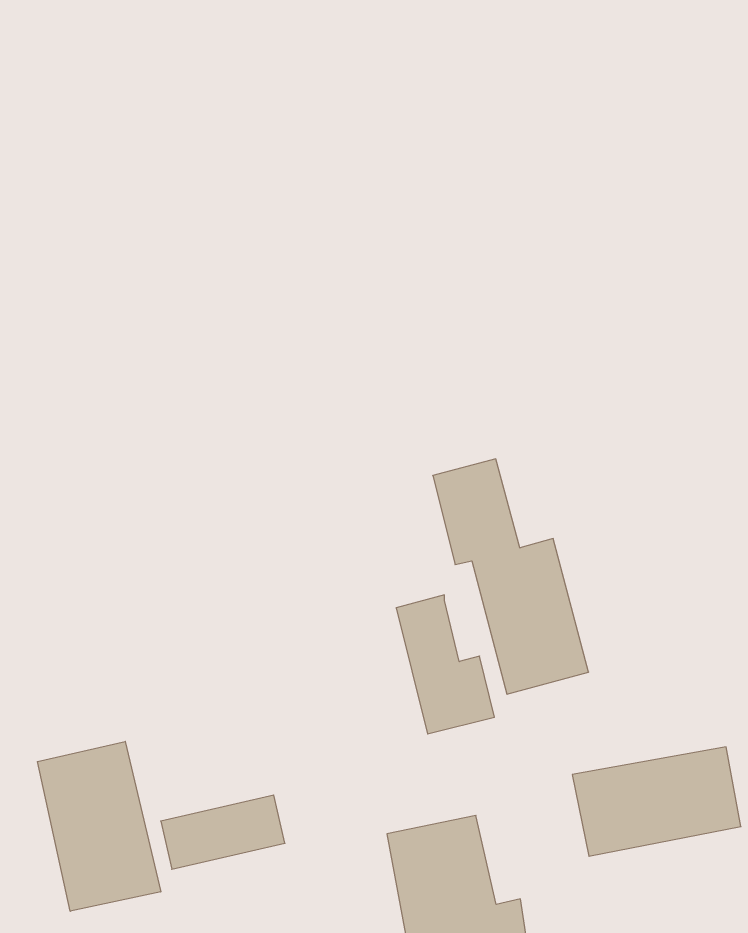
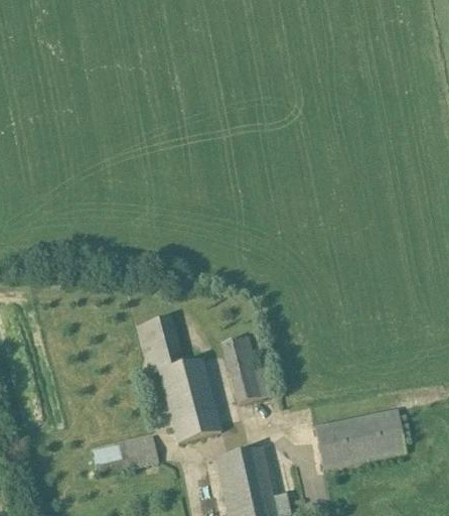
building: [433,459,589,694] -> [137,316,221,444]
building: [37,741,161,911] -> none

